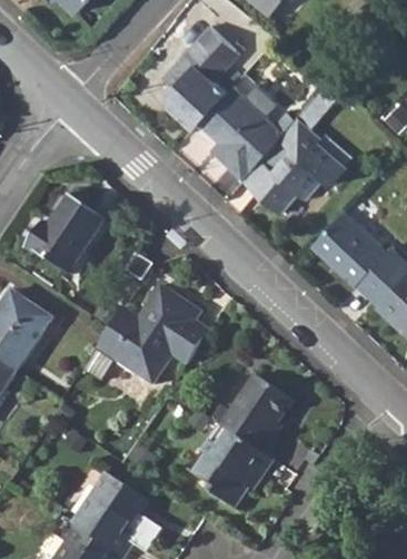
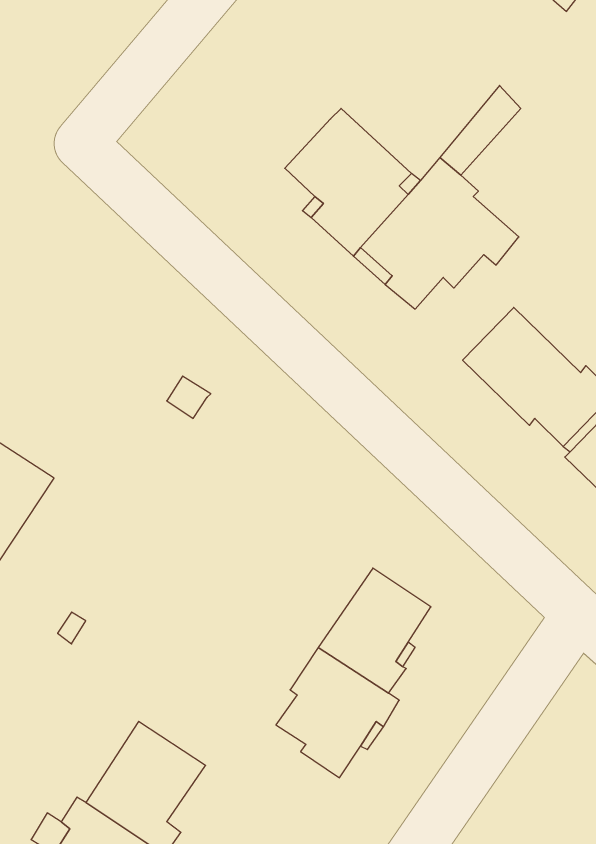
building: [162,27,239,129] -> none
building: [26,196,103,275] -> none
building: [81,284,209,390] -> none

